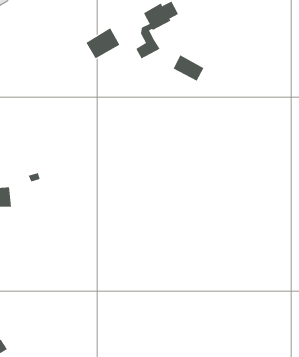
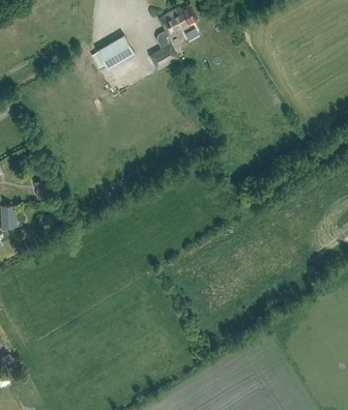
building: [173,54,204,81] -> none

